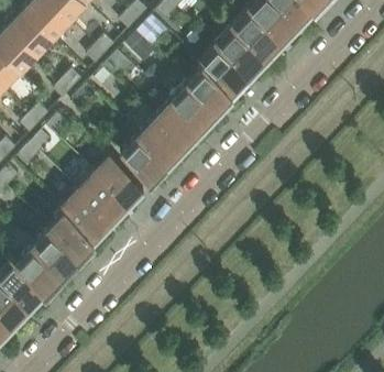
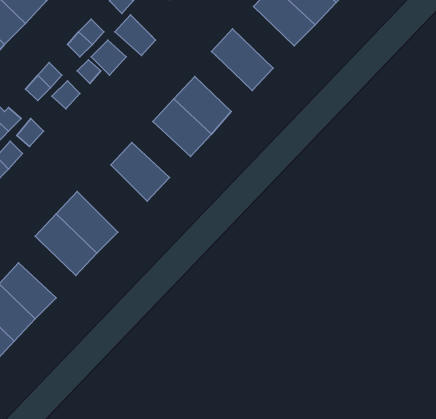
building: [216,25,264,74] -> none
building: [186,64,231,108] -> none
building: [129,107,183,160] -> none
building: [94,153,143,203] -> none
building: [47,209,92,254] -> none

